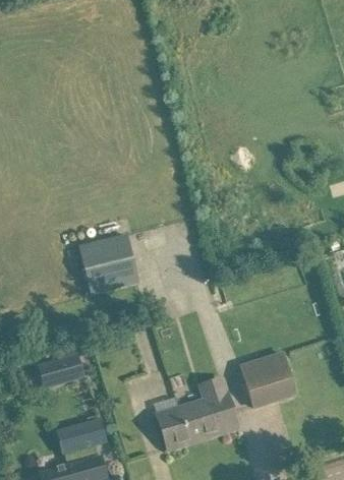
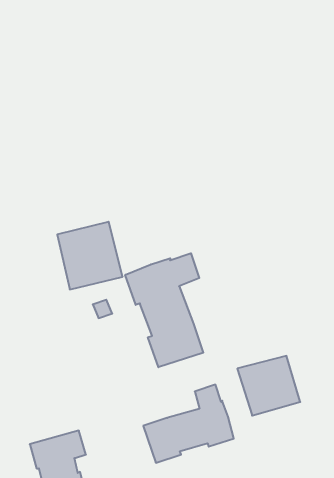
building: none -> [125,253,203,367]
building: [48,355,82,382] -> none

